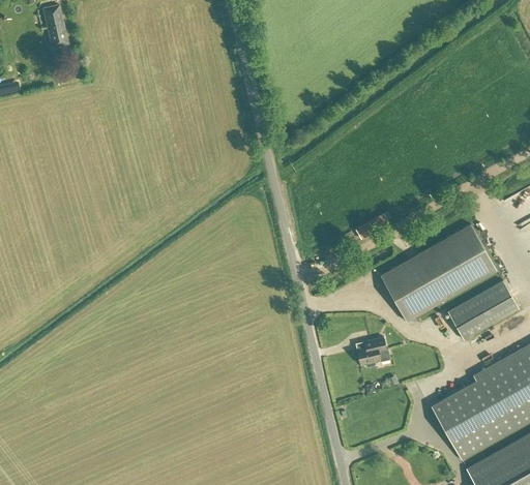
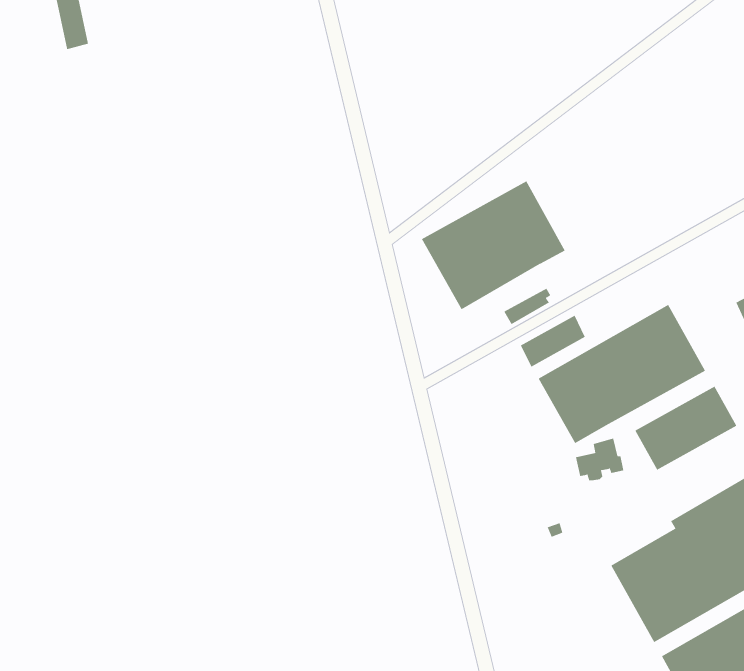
building: none -> [421,181,566,310]
building: none -> [520,315,586,367]
building: [356,336,390,366] -> [575,438,624,481]

